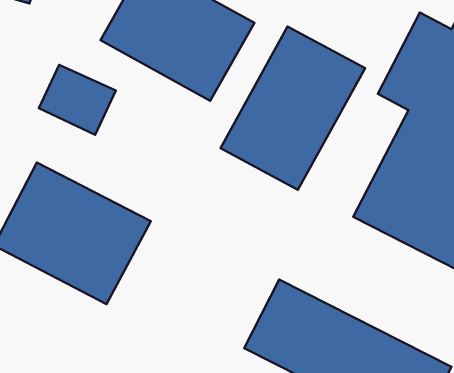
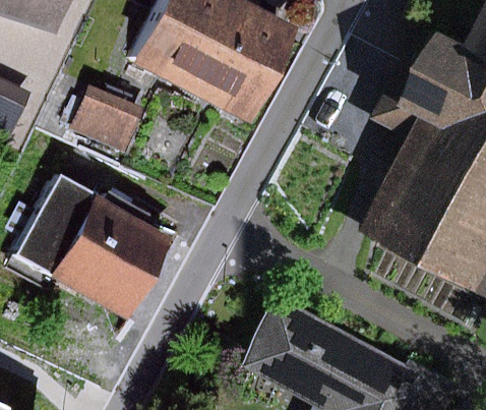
building: [220,27,365,190] -> none

